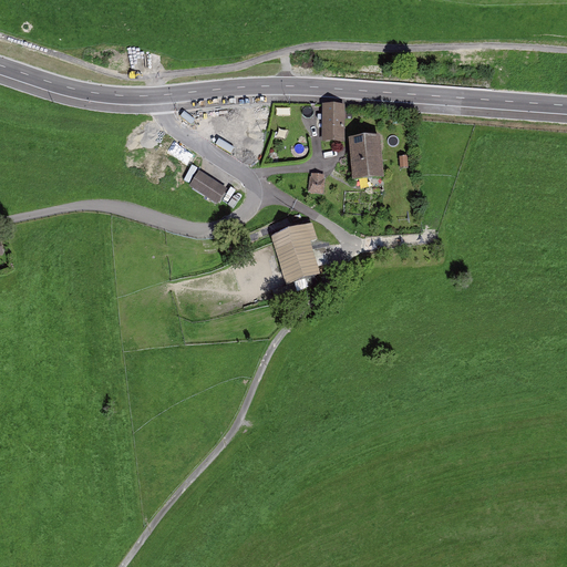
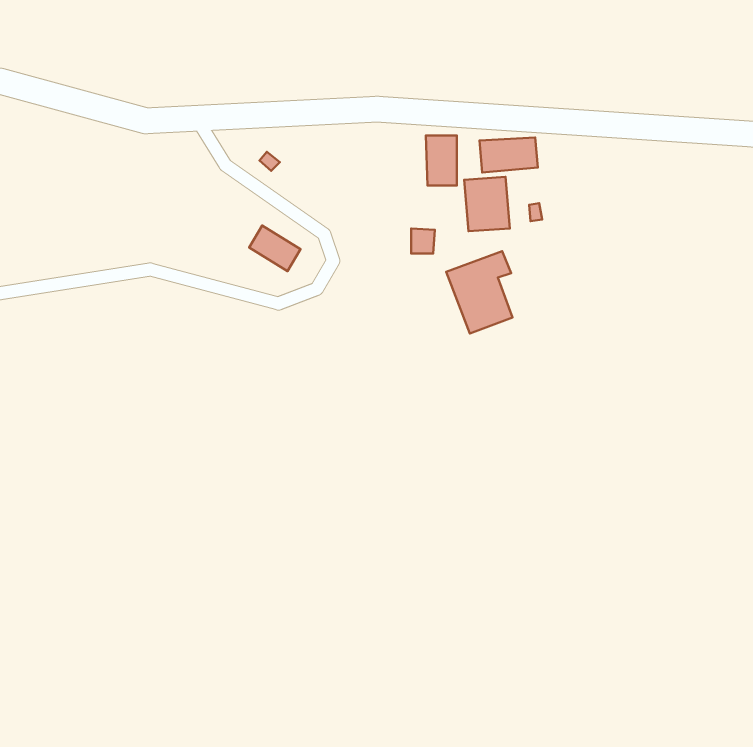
building: none -> [480,137,538,172]
building: [269,221,319,284] -> [446,251,513,334]

